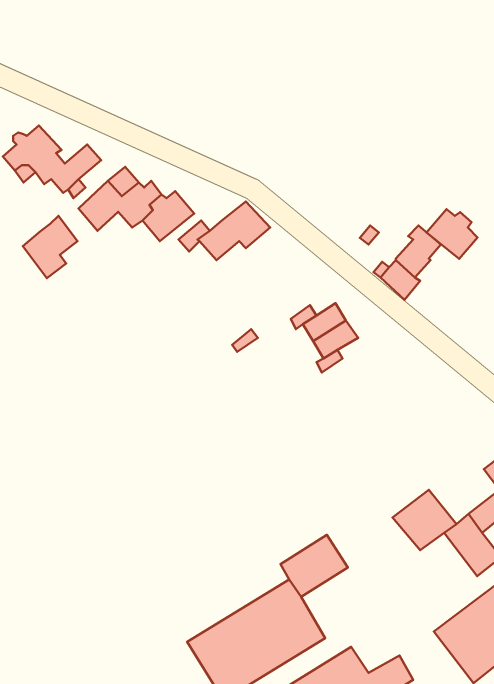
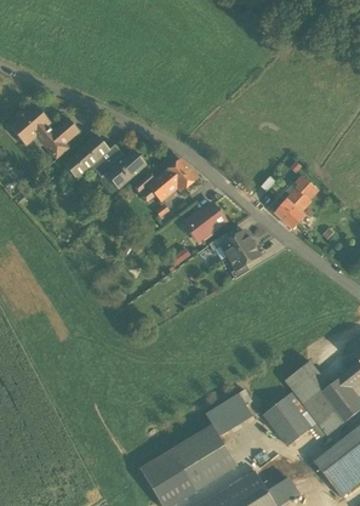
building: [427,209,477,259] -> none
building: [23,216,78,278] -> none
building: none -> [185,204,224,241]
building: none -> [303,392,343,436]
building: none -> [263,396,310,445]

